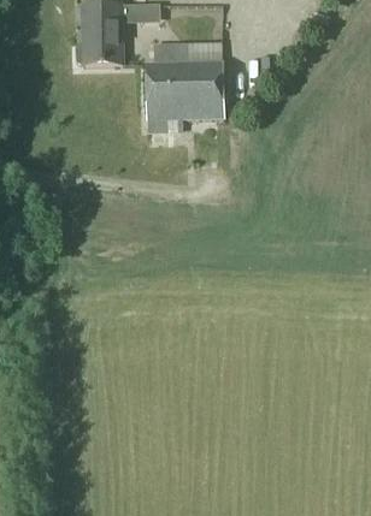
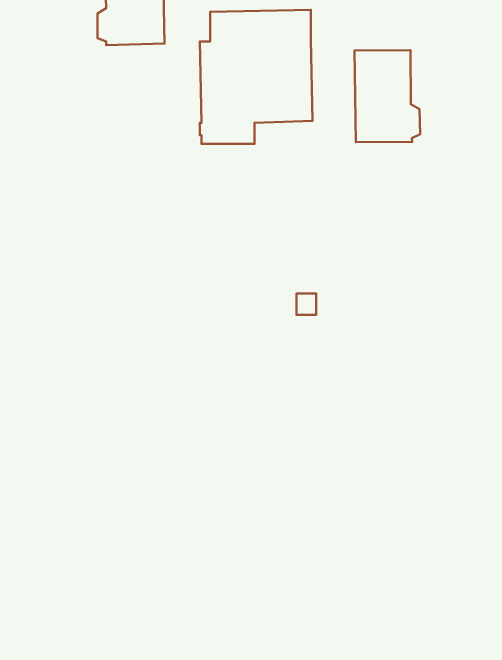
building: none -> [354,50,420,142]

